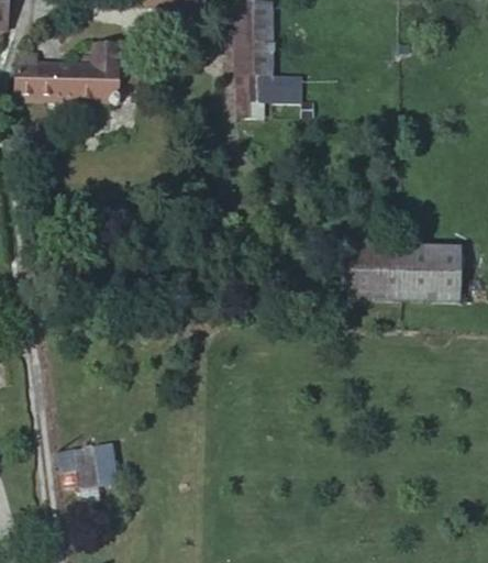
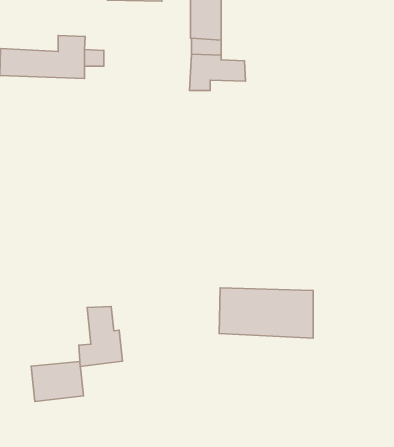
building: [347,240,458,299] -> [219,288,313,338]
building: none -> [79,307,123,366]

